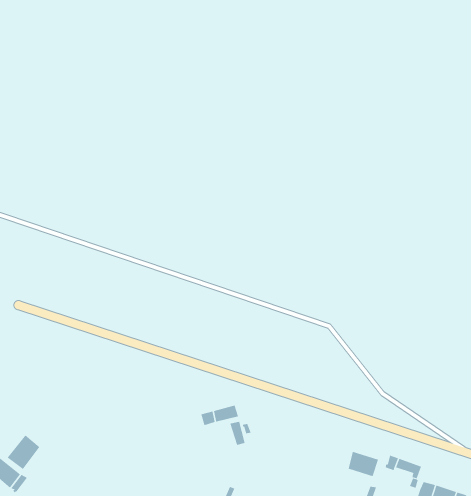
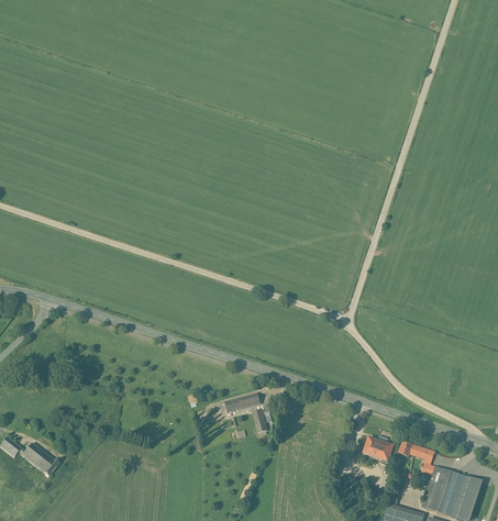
building: [7,434,40,470] -> none

